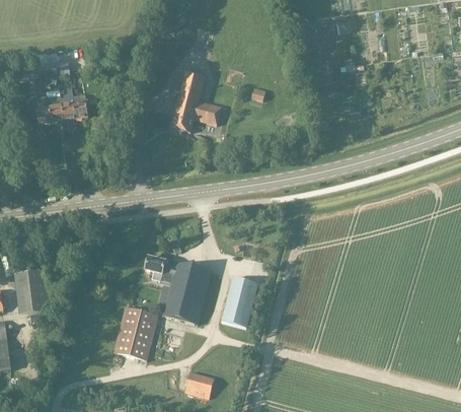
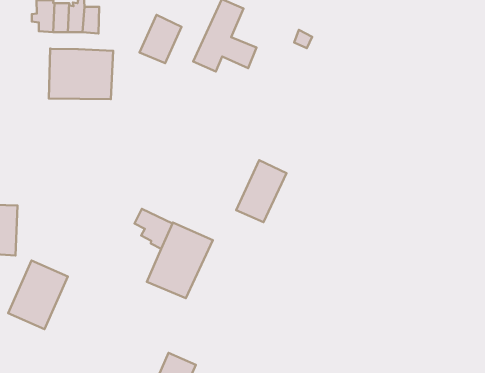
building: none -> [140,15,181,63]
building: none -> [49,49,113,99]
building: [221,277,257,328] -> [236,160,286,222]
building: [113,306,158,361] -> [8,261,68,329]

